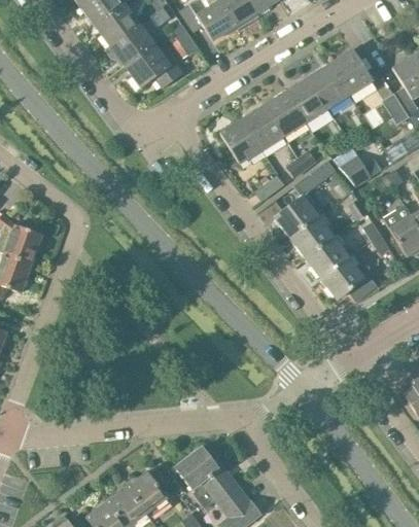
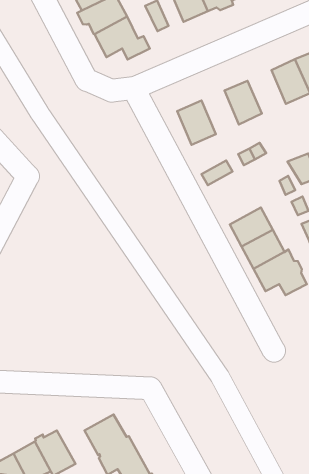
building: [285,76,327,121] -> none
building: [242,104,283,149] -> none
building: [274,160,336,238] -> none

